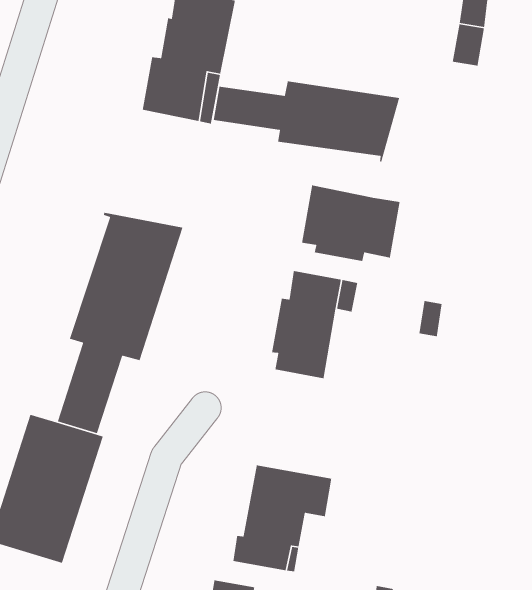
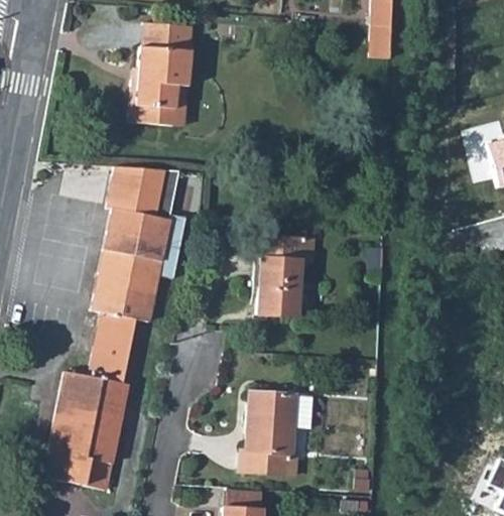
building: [213,81,400,163] -> none
building: none -> [108,166,179,211]
building: [301,185,400,262] -> none

